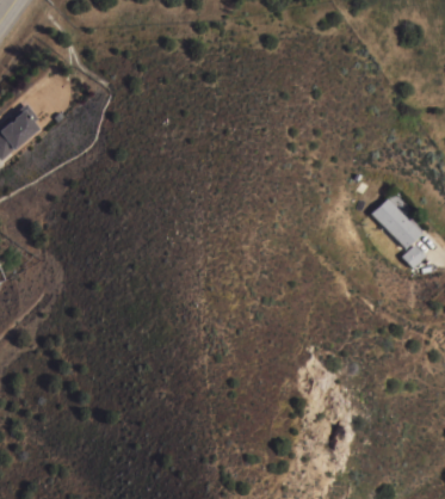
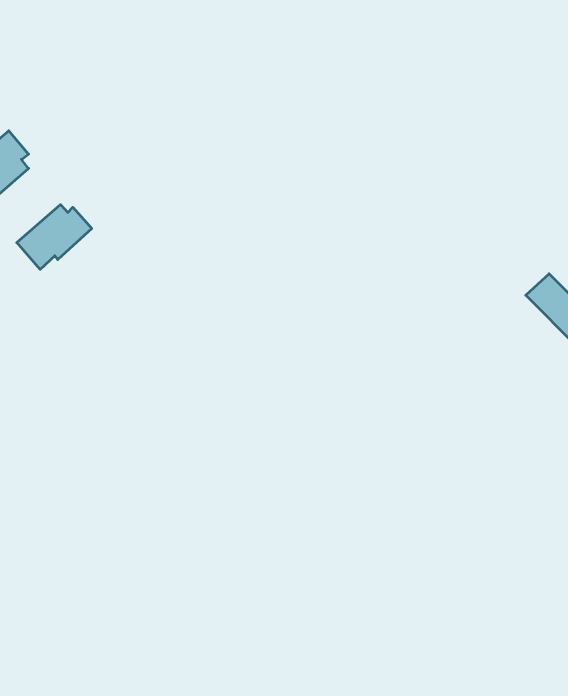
building: none -> [17,205,92,269]

